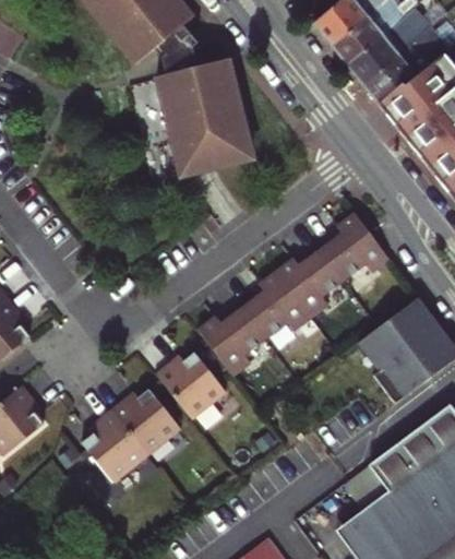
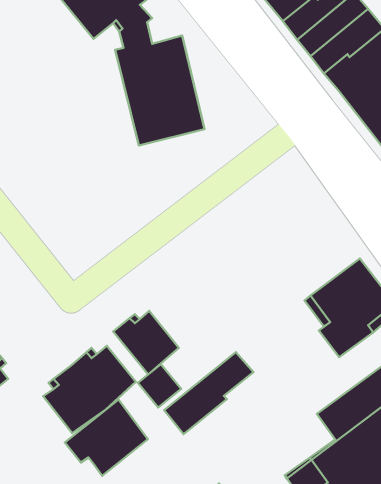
building: [196,213,388,378] -> none
building: none -> [164,352,253,434]
building: none -> [138,364,181,407]
building: none -> [65,400,148,476]

